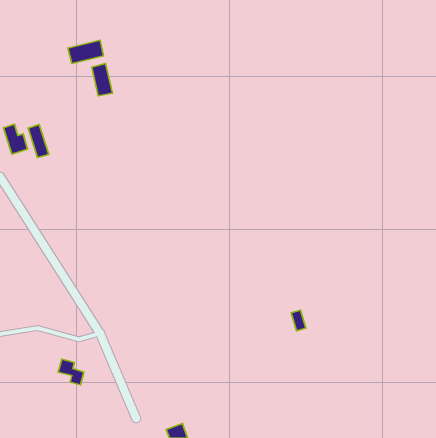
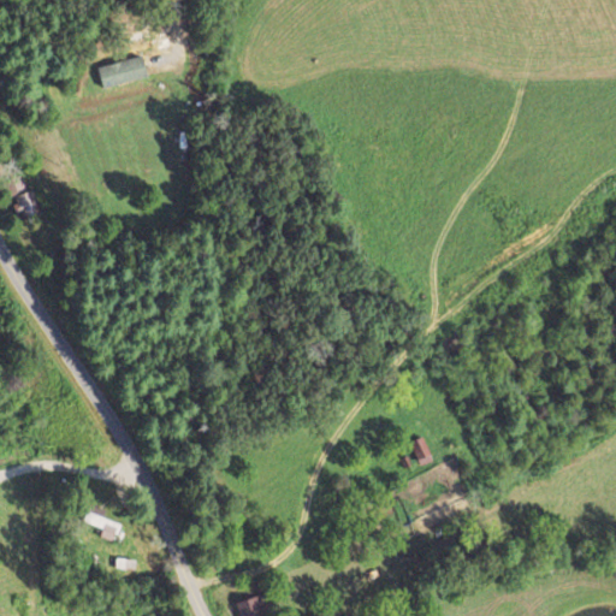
building: [92,64,113,96] -> none
building: [28,124,49,158] -> none

